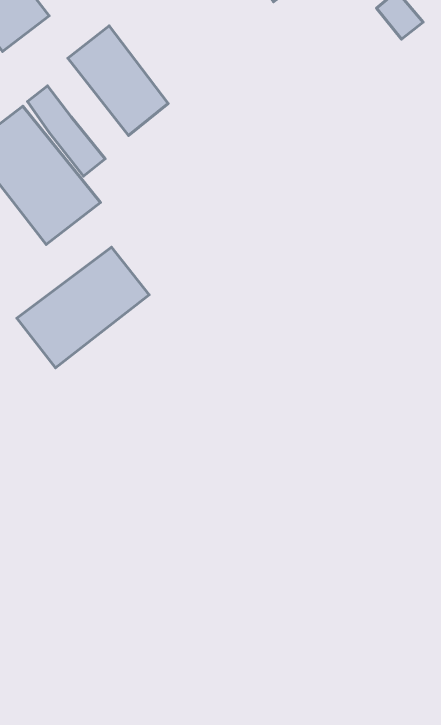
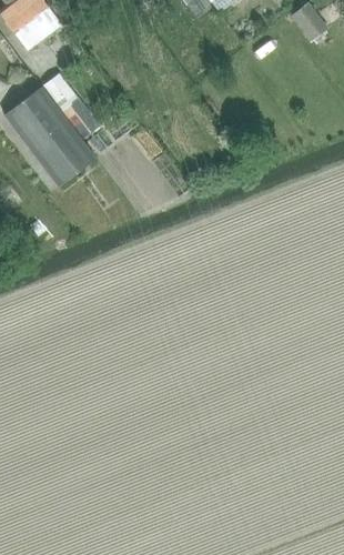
building: [68,26,168,135] -> none
building: [17,247,149,368] -> none

